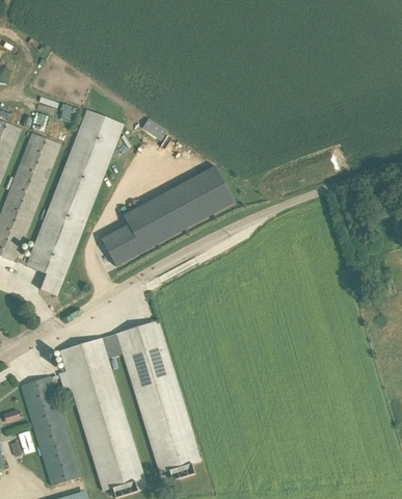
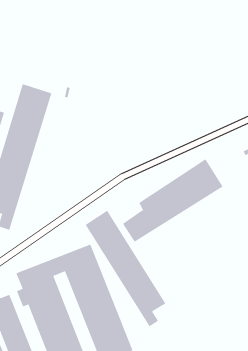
building: [103,165,236,265] -> [122,158,224,242]
building: none -> [85,210,166,327]

